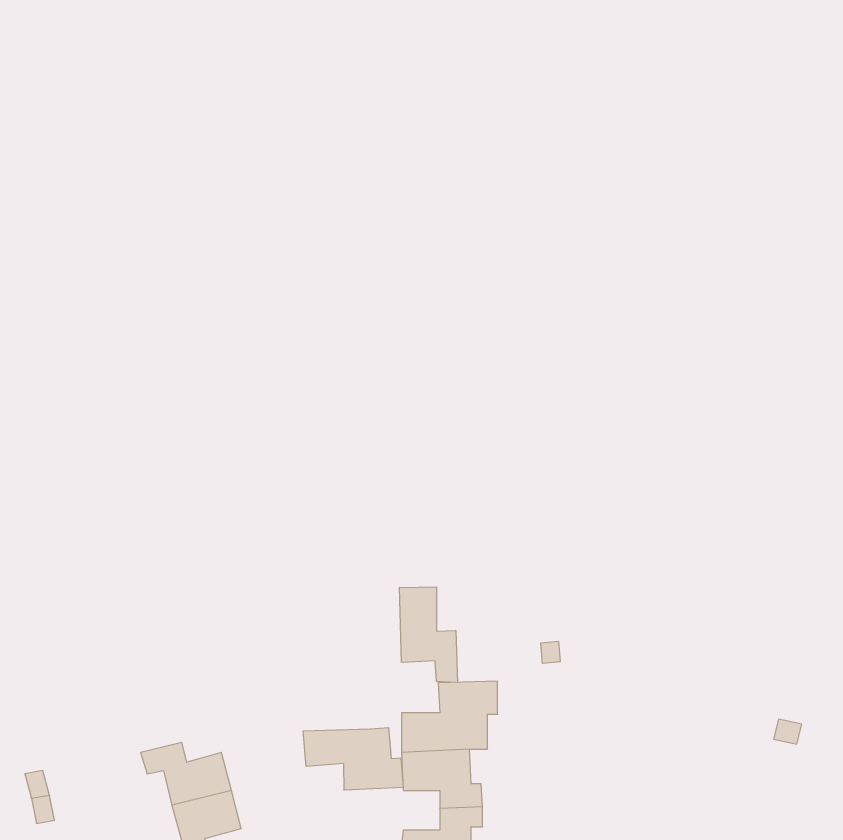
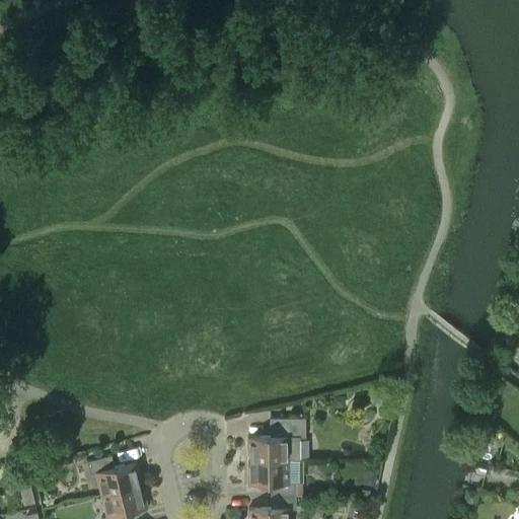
building: [400,587,458,682] -> none
building: [303,728,403,790] -> none

